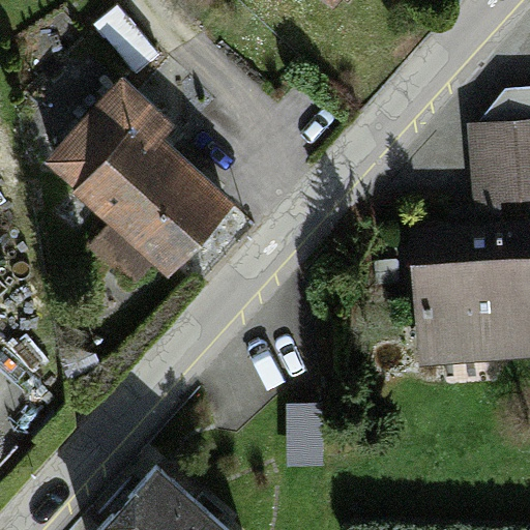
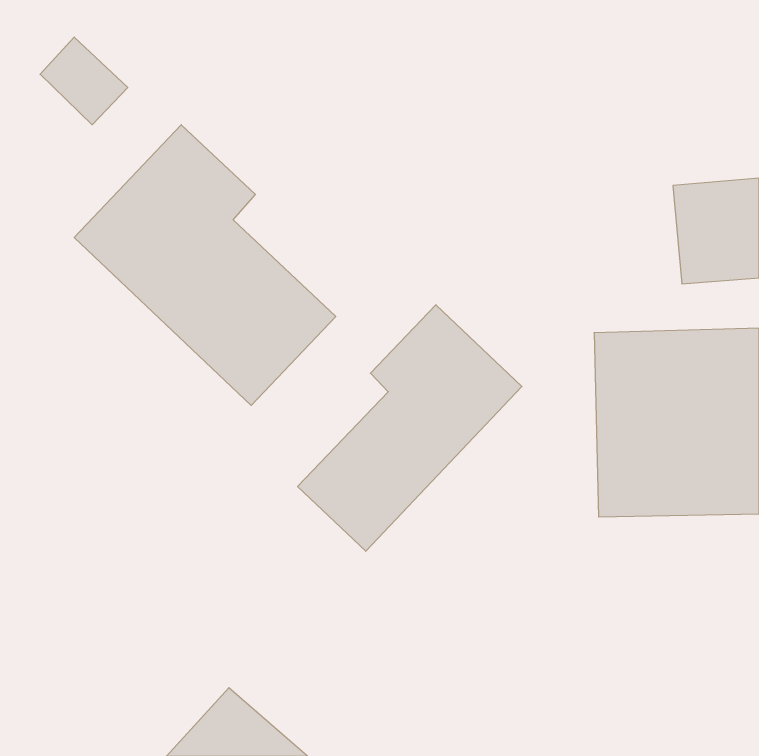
building: none -> [298,305,522,551]

